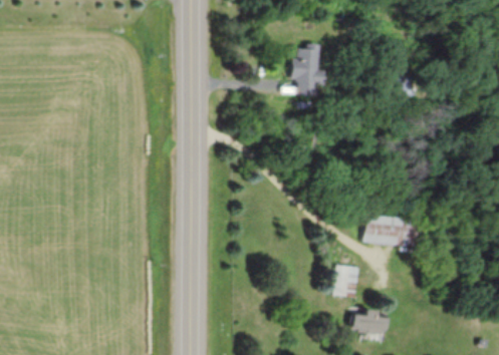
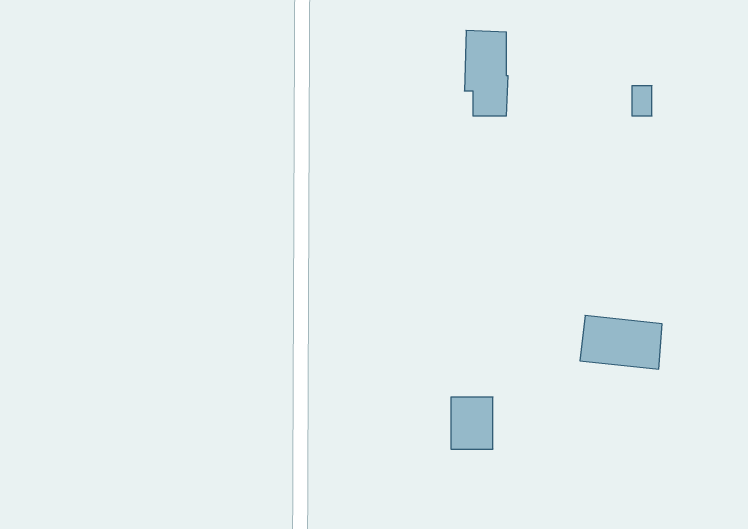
building: [336,266,361,297] -> [451,397,493,449]
building: [349,311,386,335] -> none

